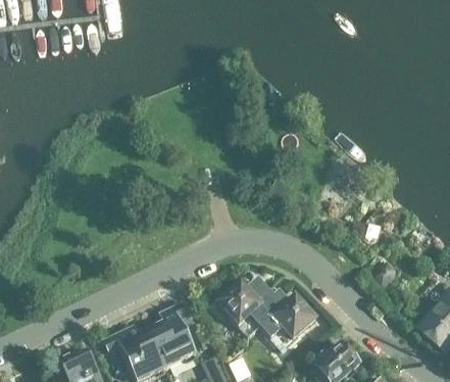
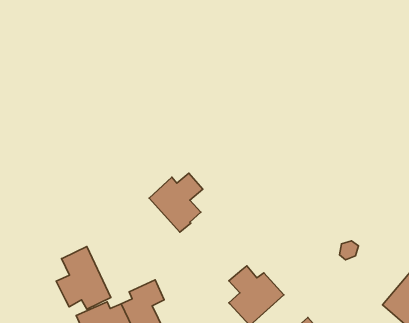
building: none -> [56,247,111,309]
building: [218,276,273,336] -> [149,173,203,232]

